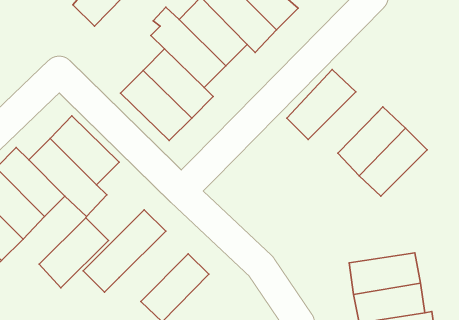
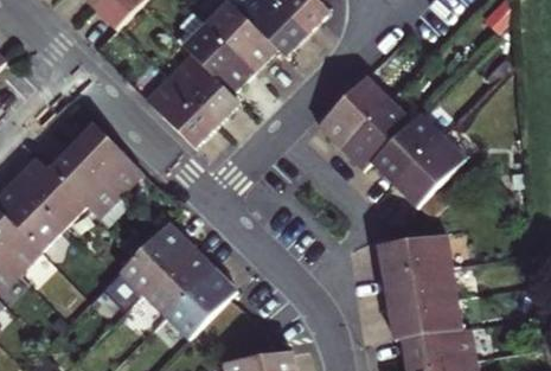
building: none -> [340,97,412,169]
building: [39,218,108,288] -> [142,243,214,316]
building: none -> [377,232,451,276]

